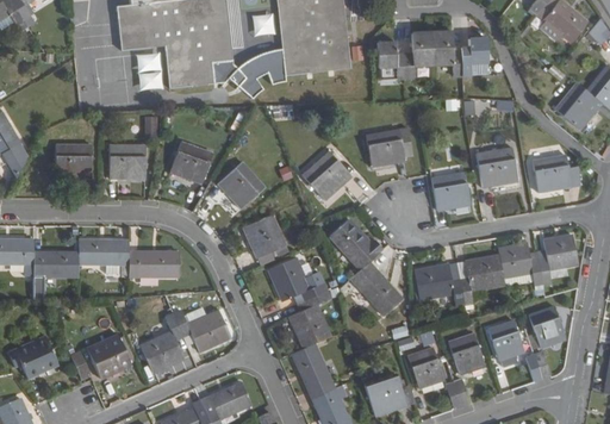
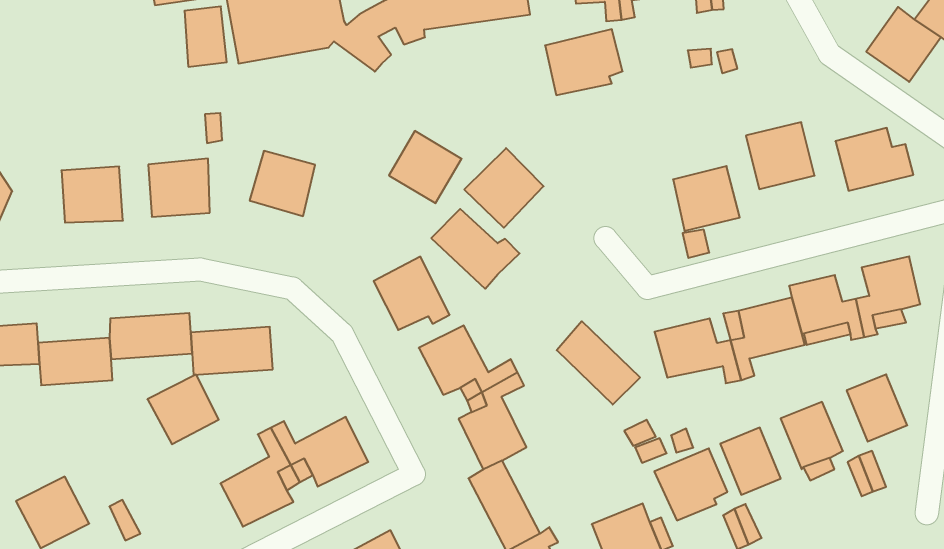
building: [366,129,412,167] -> [545,29,623,95]
building: [213,164,259,210] -> [389,131,462,203]
building: [330,219,384,269] -> [431,209,520,289]
building: [87,336,130,378] -> [147,375,219,444]

